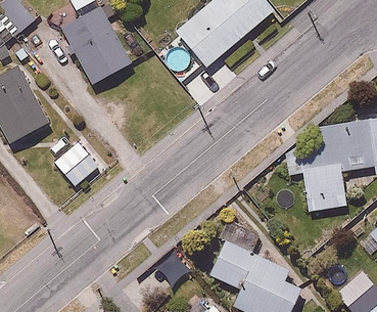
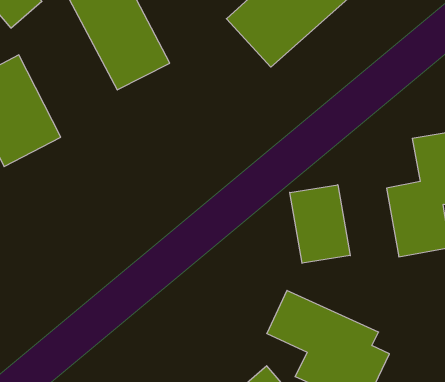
building: [56,144,98,189] -> none
building: none -> [290,185,350,263]

